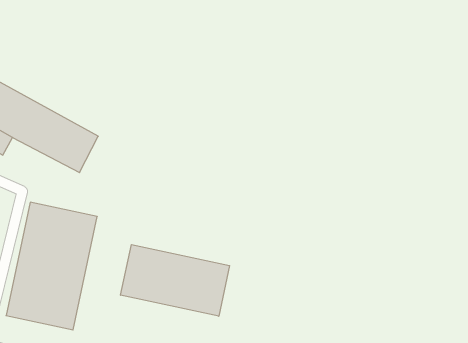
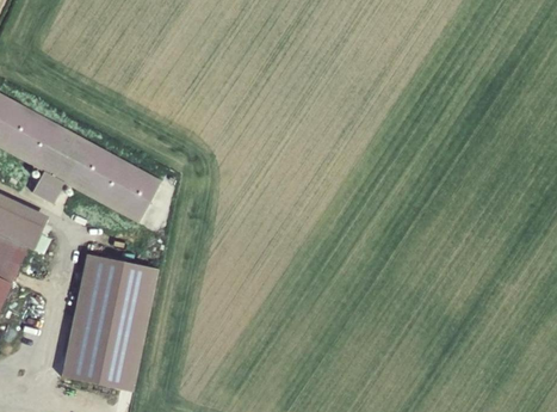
building: [121,245,230,316] -> none

